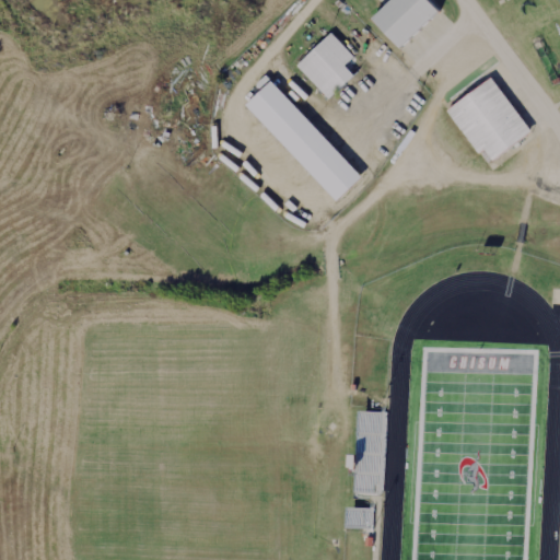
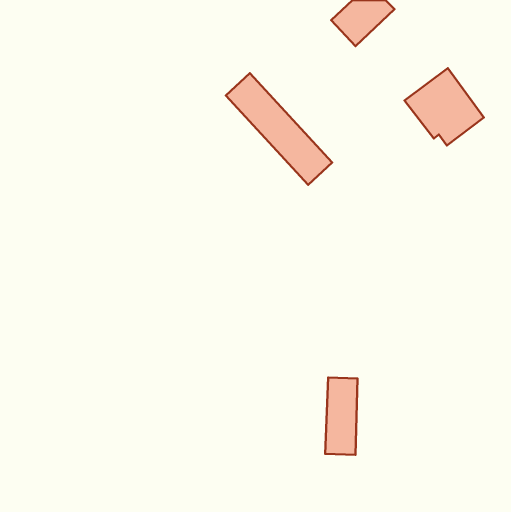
building: [291,30,352,101] -> none
building: [349,510,376,529] -> none

